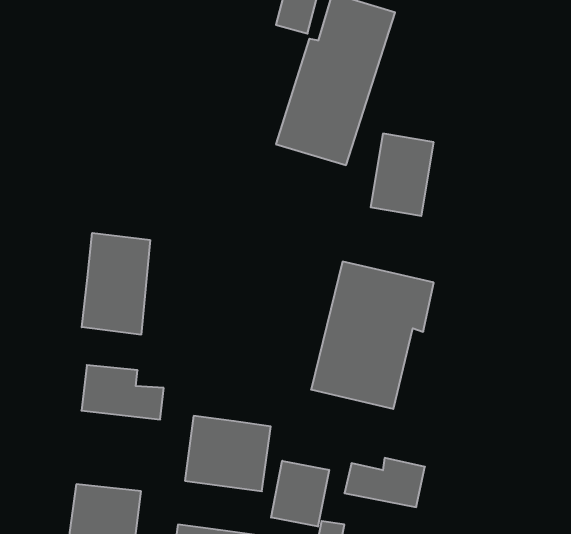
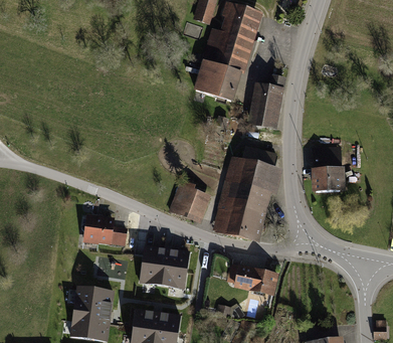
building: [82,233,150,335] -> none
building: none -> [311,168,345,192]
building: none -> [169,179,211,224]
building: [271,461,329,527] -> none

